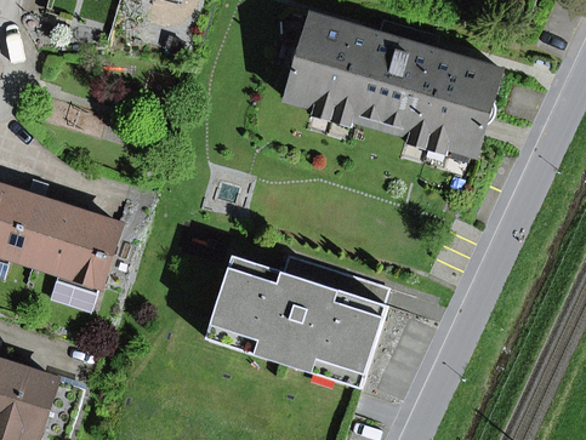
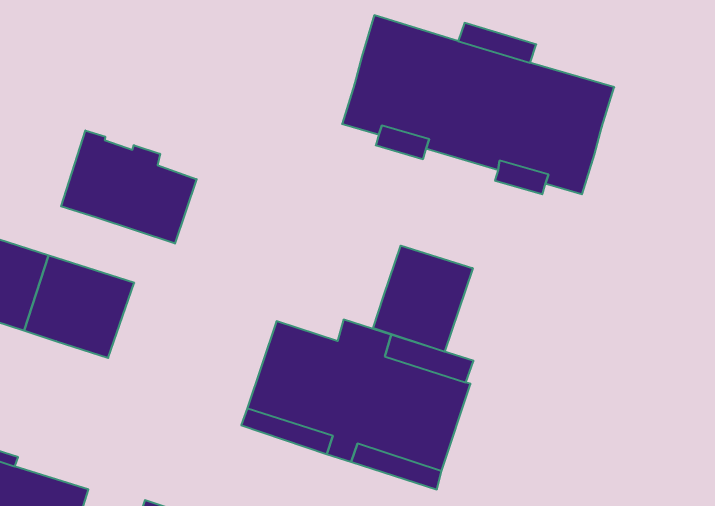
building: none -> [61,130,197,244]
building: none -> [373,246,473,352]
building: [49,272,98,312] -> none

